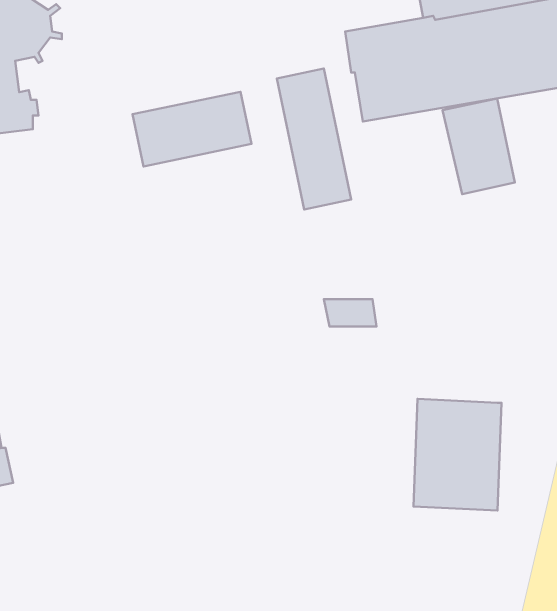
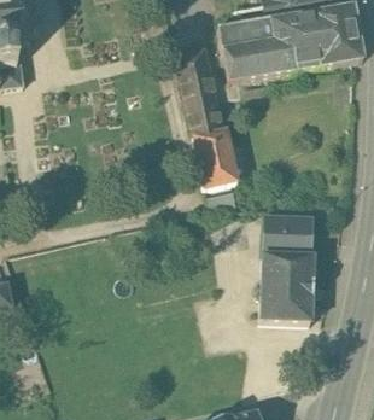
building: [132,92,251,166] -> none
building: [443,98,515,194] -> [193,129,238,188]
building: none -> [263,216,315,256]

